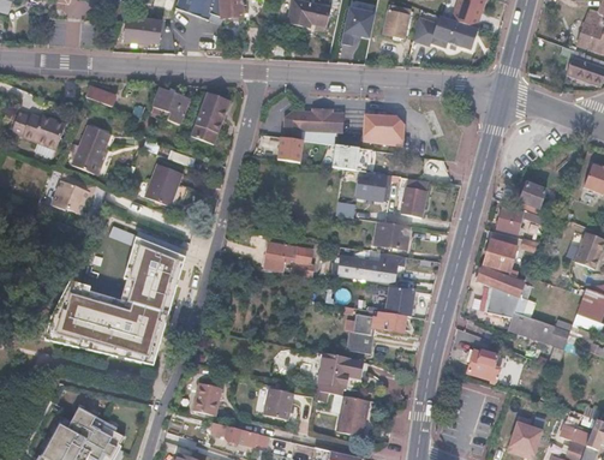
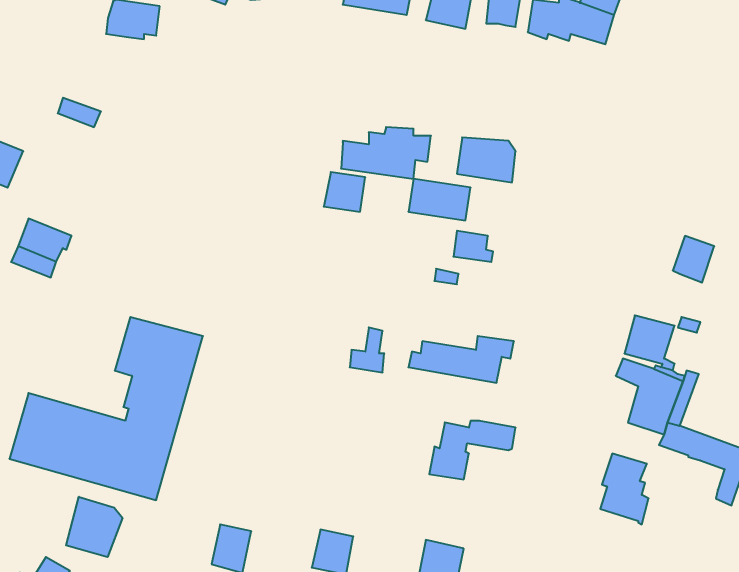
building: [151,88,189,124] -> none
building: [193,91,229,144] -> none
building: [71,123,110,172] -> none
building: [144,163,181,205] -> none
building: [400,181,426,216] -> none
building: [495,207,545,232] -> none
building: [373,221,411,249] -> none
building: [264,243,304,270] -> none
building: [381,287,415,316] -> none
building: [318,352,363,387] -> none
building: none -> [66,497,122,557]

